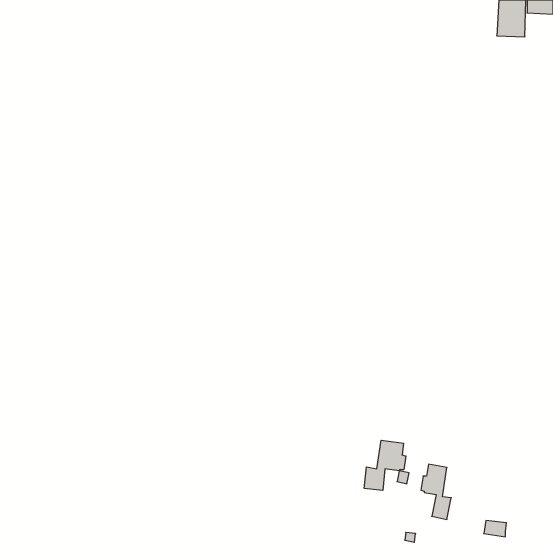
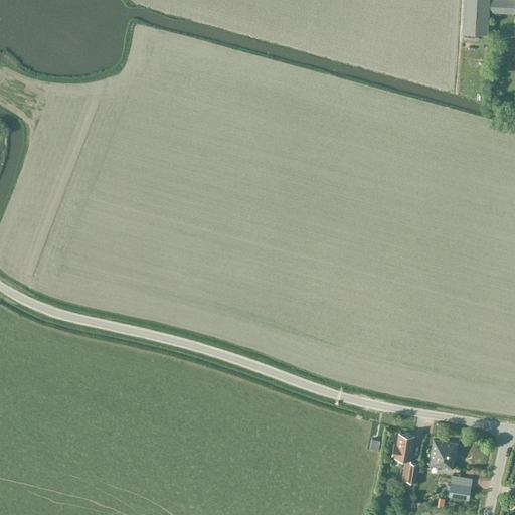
building: [364,440,406,490] -> none
building: none -> [431,439,458,468]

